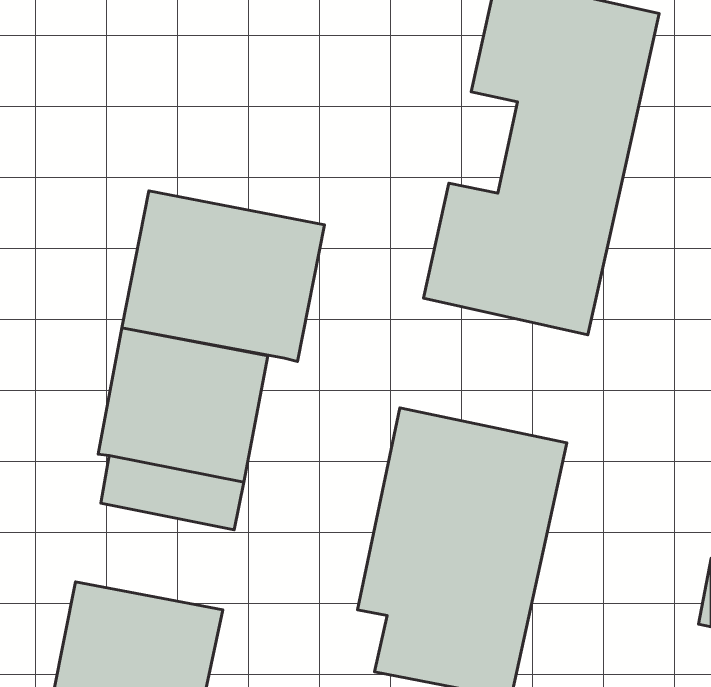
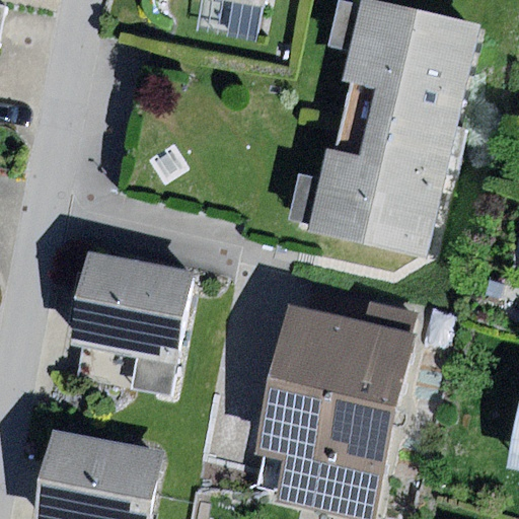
building: [122,191,324,362] -> none

